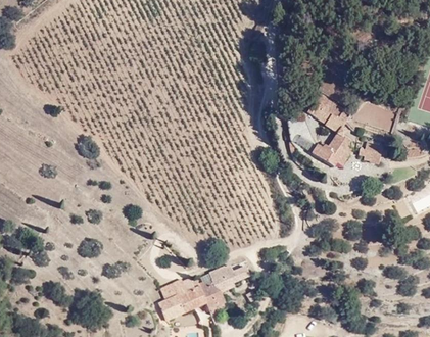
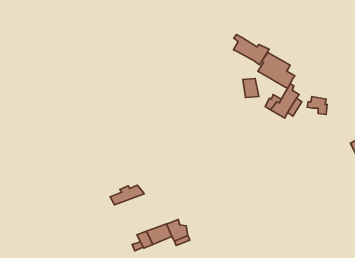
building: none -> [233,34,269,65]
building: [210,267,249,289] -> none
building: [160,277,199,299] -> [110,185,144,205]

